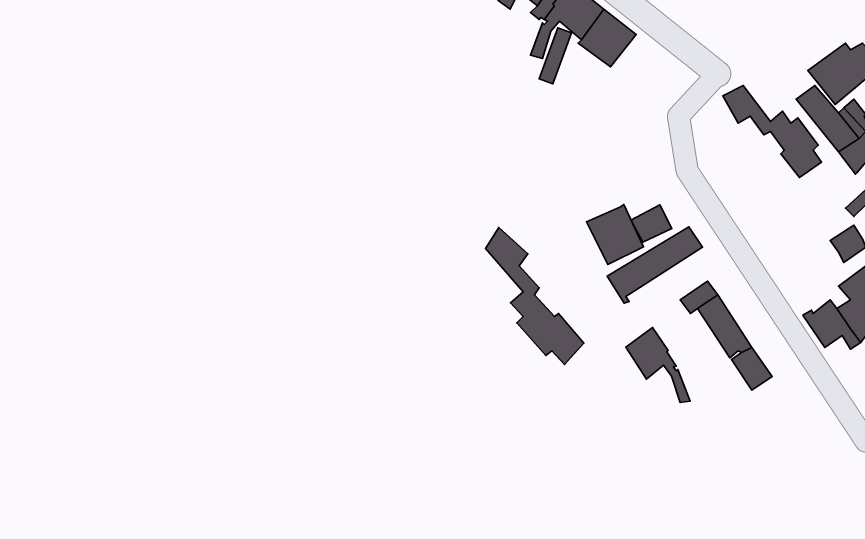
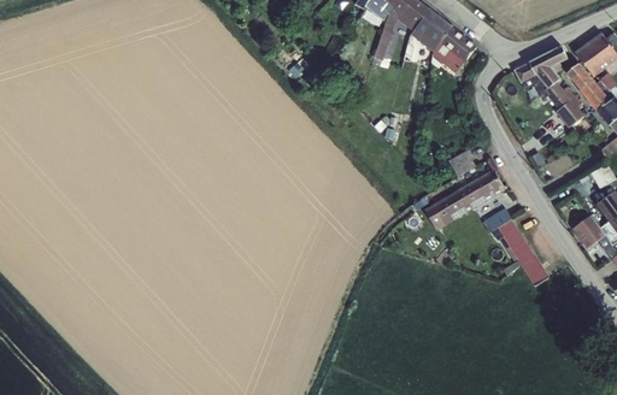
building: none -> [431,29,476,73]
building: none -> [528,48,566,90]
building: [586,204,643,265] -> none
building: [485,228,584,365] -> none
building: [626,327,690,402] -> none

